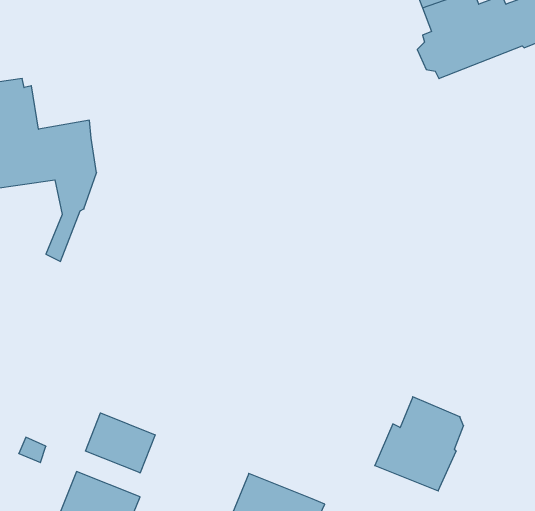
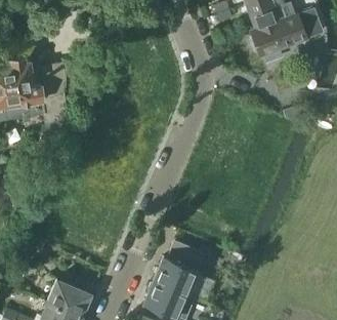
building: [375,397,464,491] -> [153,242,203,295]
building: [86,413,155,473] -> none

